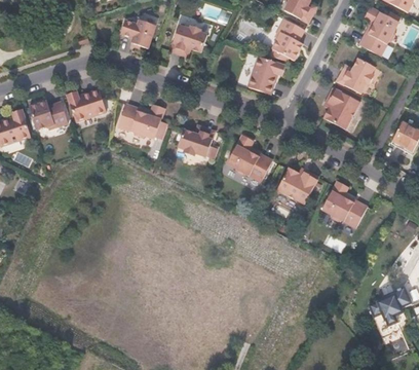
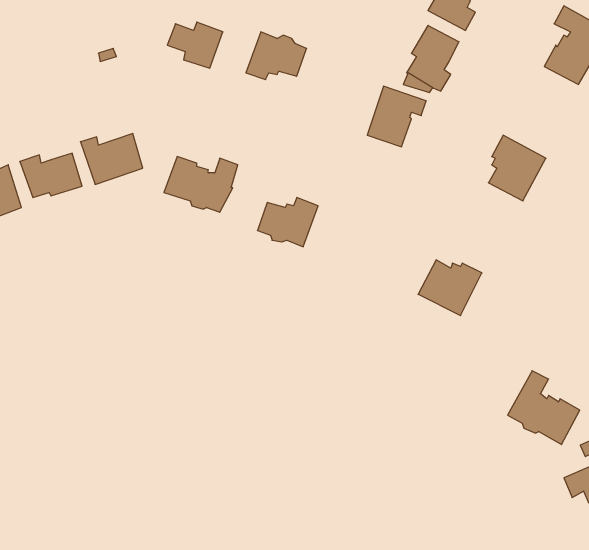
building: [335,59,374,95] -> none
building: [228,136,273,182] -> none
building: [322,181,368,227] -> [508,371,580,445]

